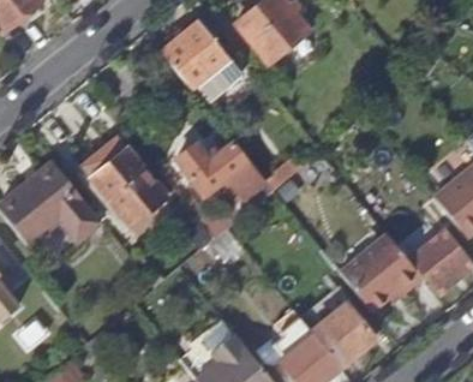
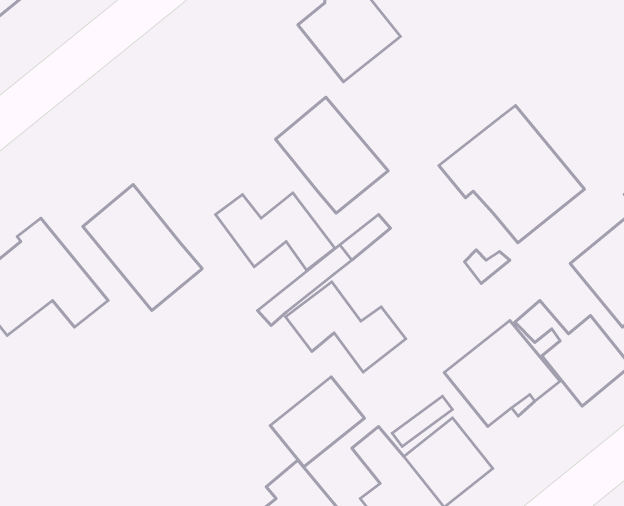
building: [161,20,241,103] -> [276,97,388,213]
building: none -> [439,106,584,243]
building: none -> [286,282,406,372]
building: none -> [270,377,365,467]

